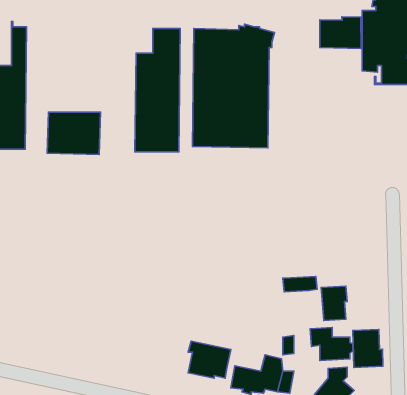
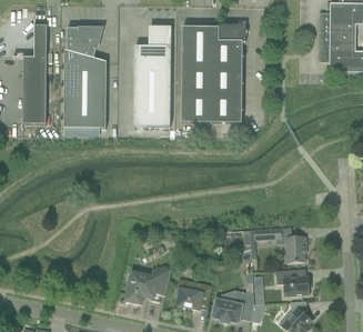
building: [320,17,361,49] -> none
building: none -> [64,28,107,94]
building: none -> [125,268,170,304]
building: [353,329,383,368] -> none

